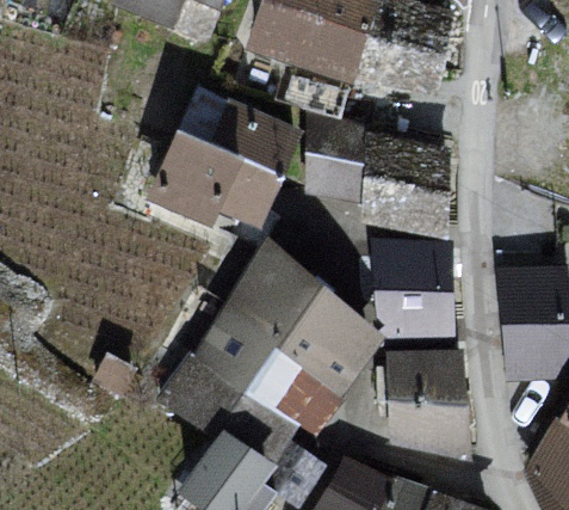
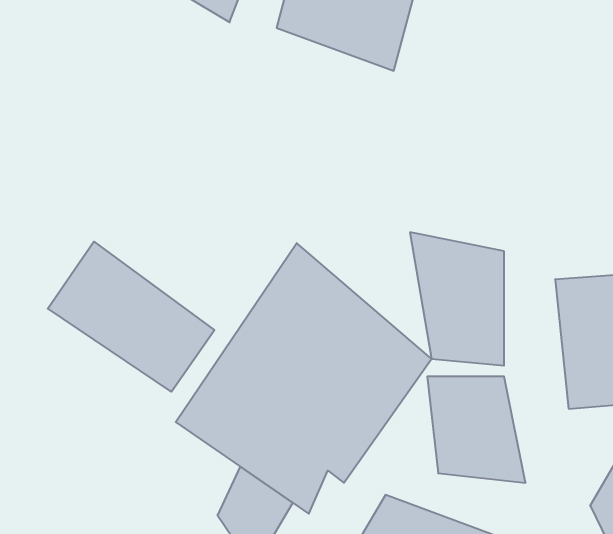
building: [149,82,304,227] -> none
building: none -> [48,242,214,392]

